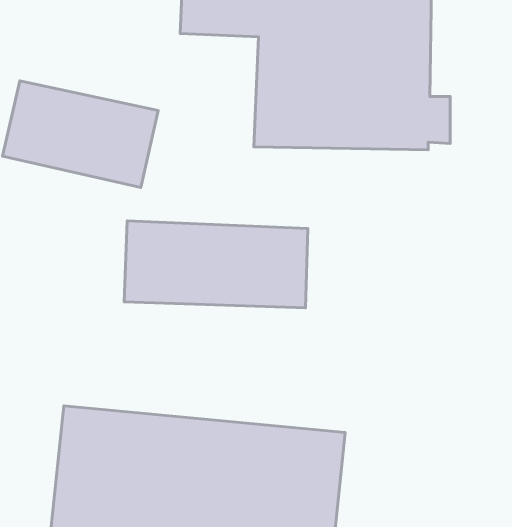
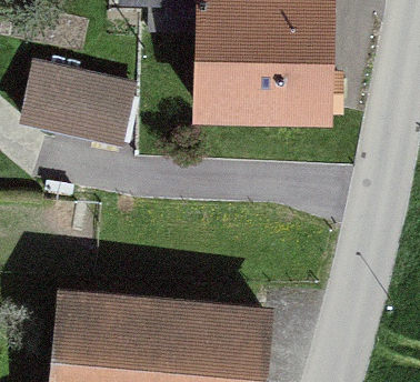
building: [124,221,308,308] -> none

